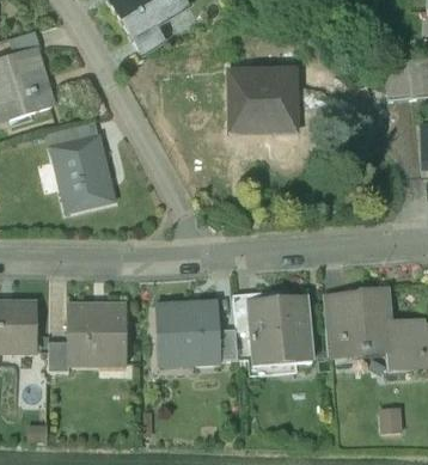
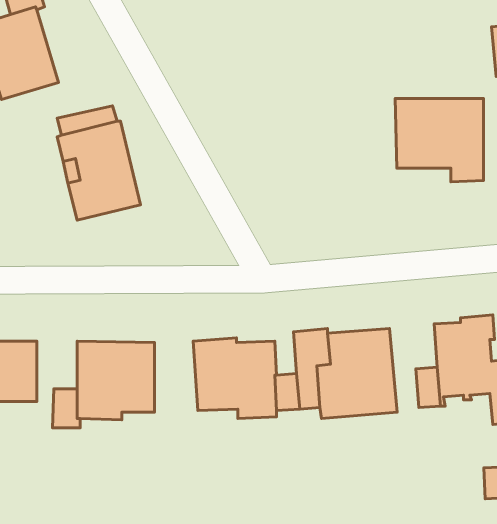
building: [228,69,296,134] -> [395,98,483,182]

